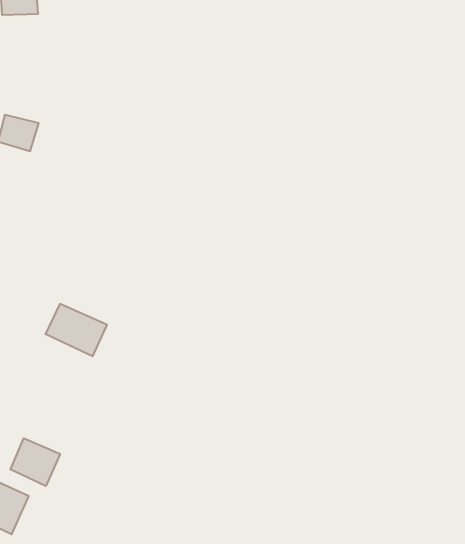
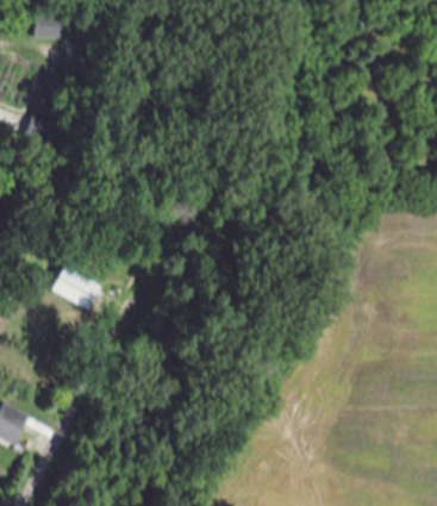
building: [10,438,60,486] -> none

